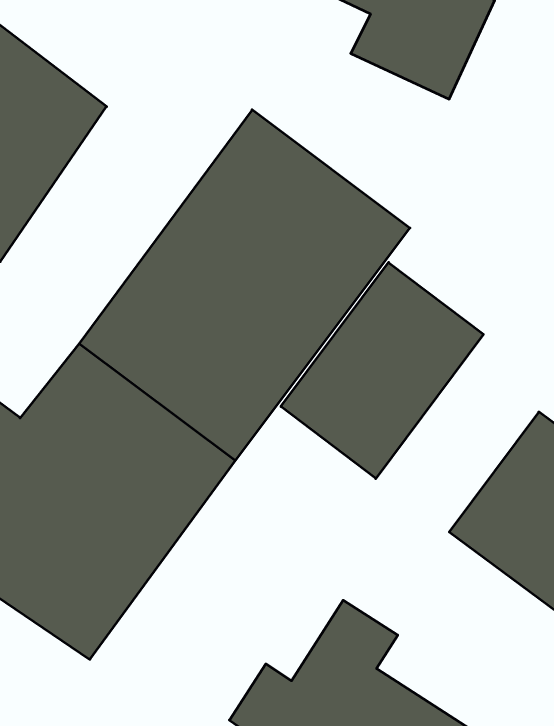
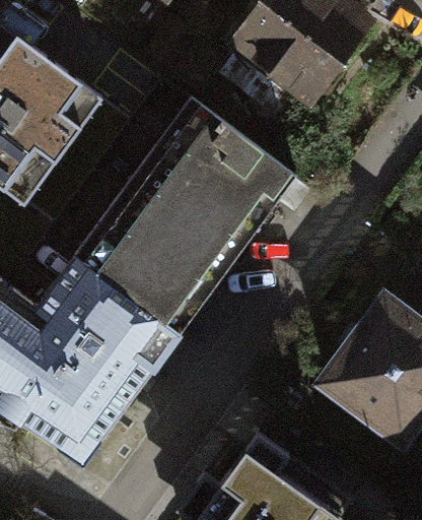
building: [281,262,483,479] -> none

